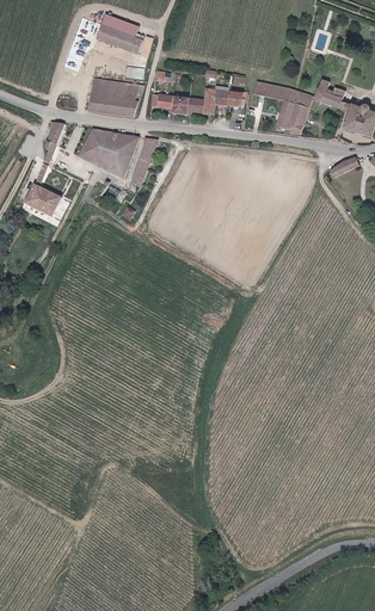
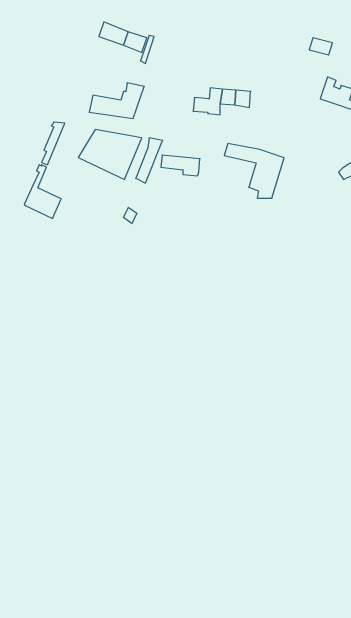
building: [91,78,124,99] -> none
building: [253,80,312,134] -> [224,143,284,198]
building: [152,93,190,113] -> [161,155,200,176]

